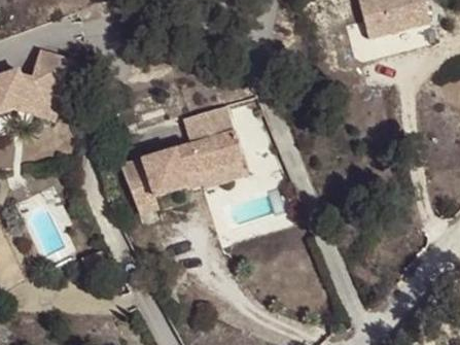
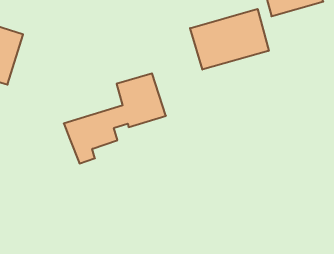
building: none -> [190,9,269,70]
building: [180,156,247,187] -> none

